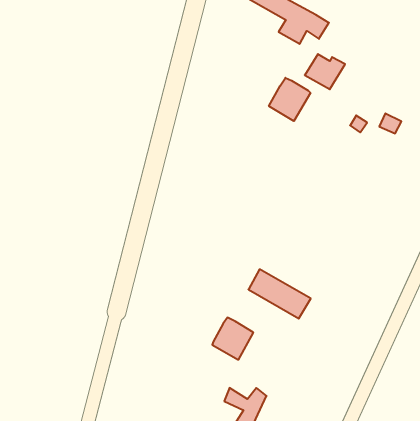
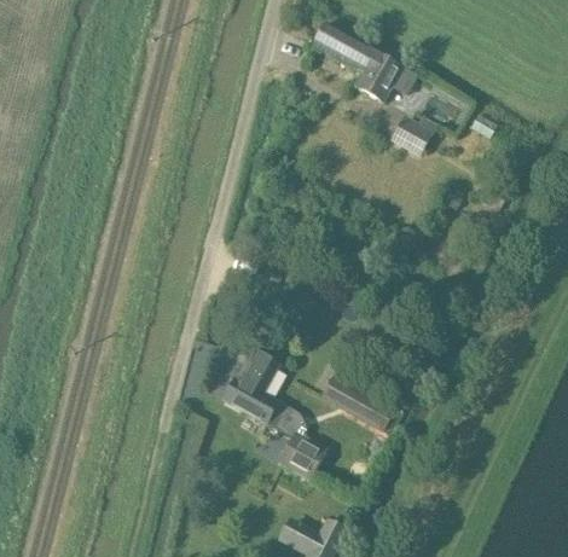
building: [269,78,310,121] -> none
building: none -> [221,348,303,436]

